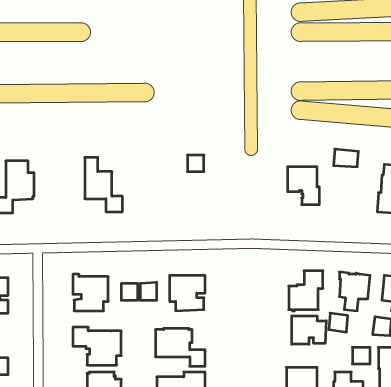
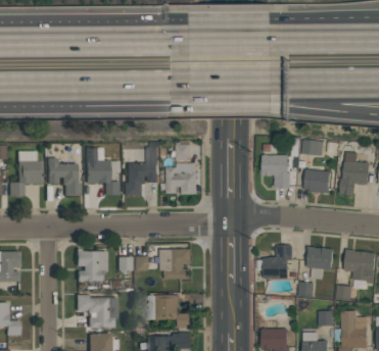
building: none -> [125,142,160,194]
building: none -> [48,154,82,195]
building: none -> [167,163,197,194]
building: none -> [304,168,331,193]
building: [292,316,326,344] -> none

